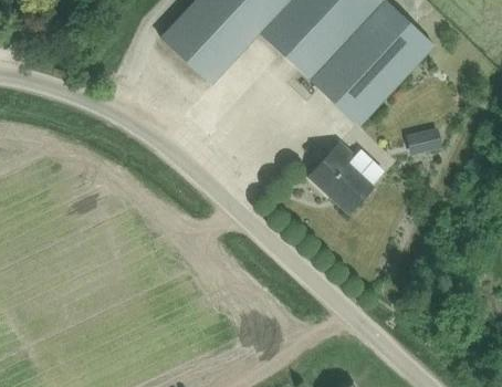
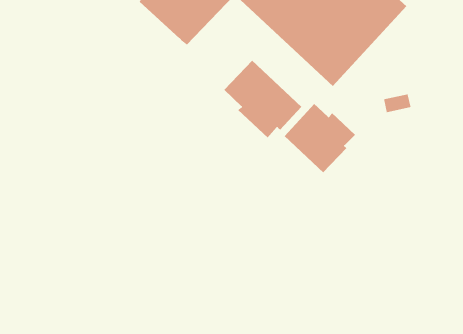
building: none -> [224,60,302,139]

